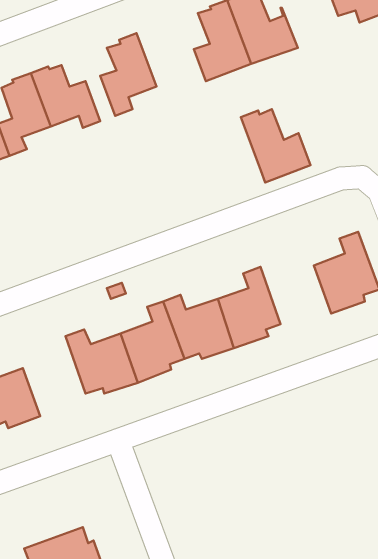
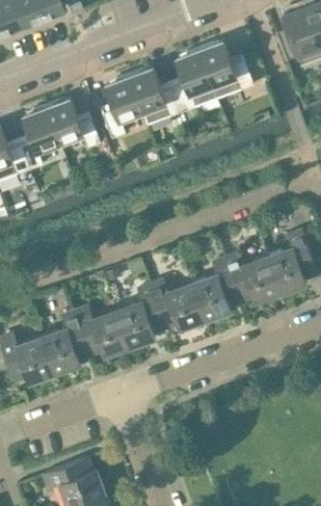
building: [241,109,310,183] -> [129,68,183,125]
building: none -> [225,250,280,301]
building: none -> [41,310,89,372]

